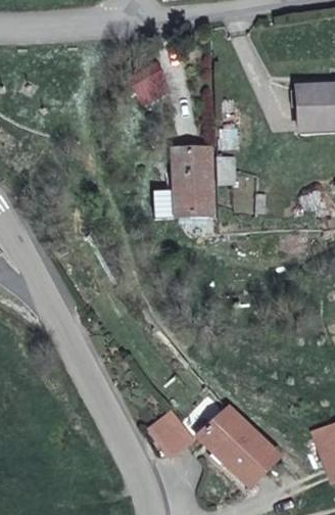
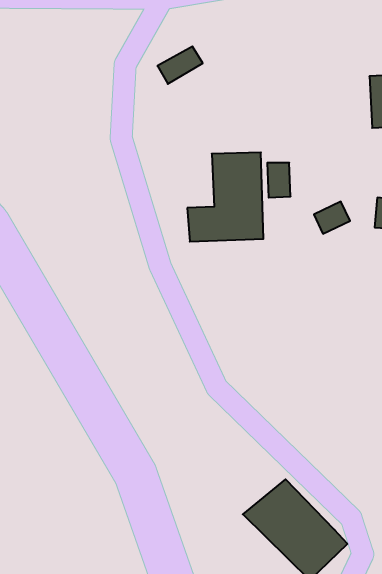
building: [147,410,191,455] -> none

